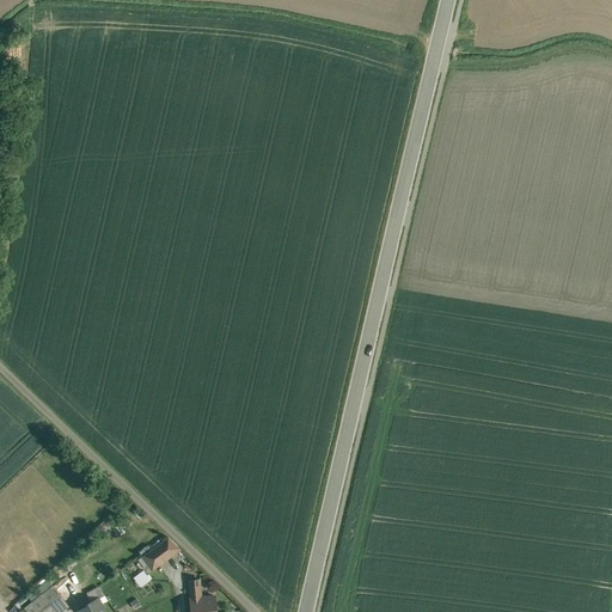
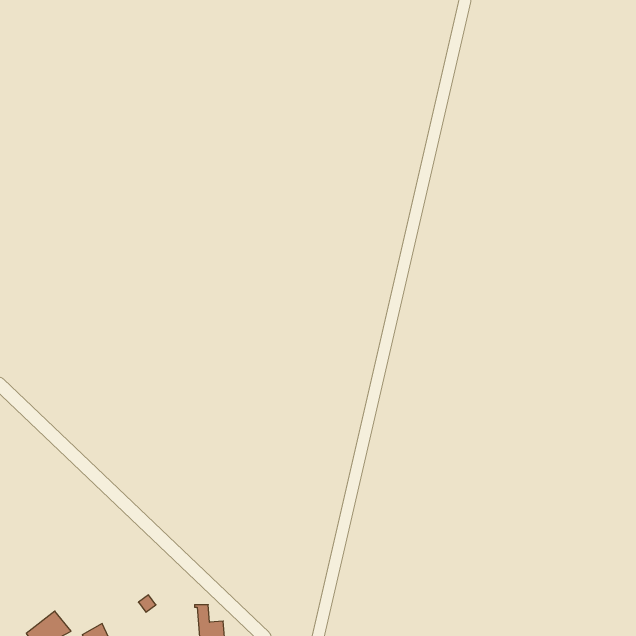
building: [142,538,180,570] -> none

